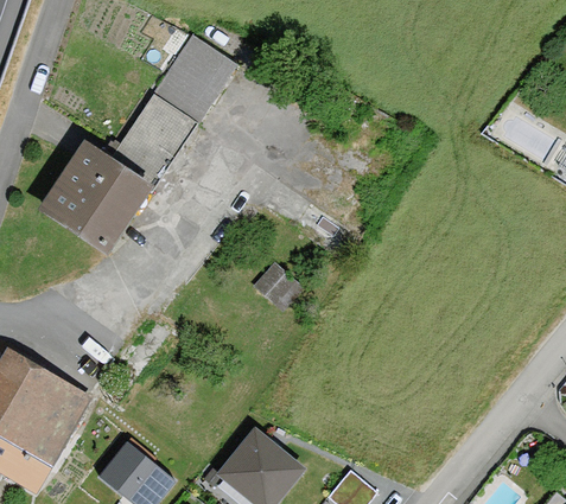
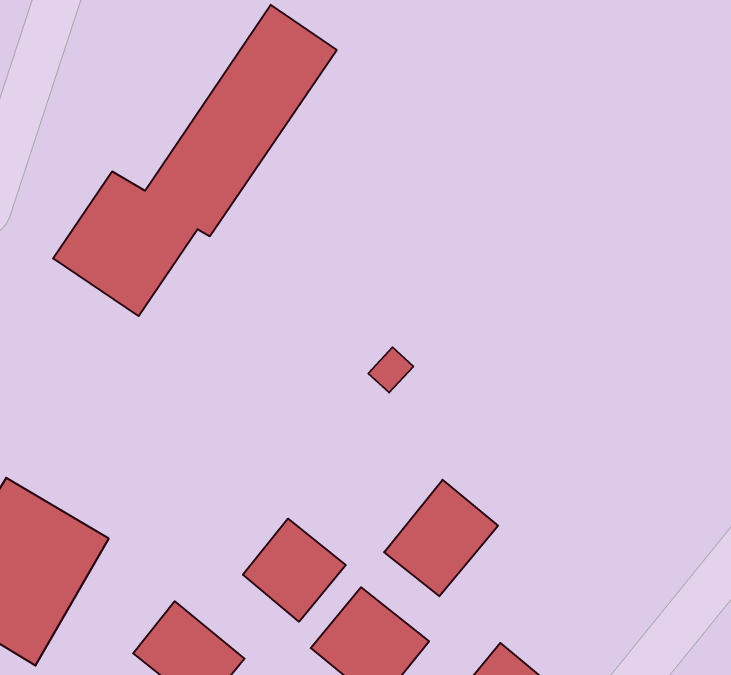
building: none -> [384,480,498,596]
building: none -> [243,519,346,622]

